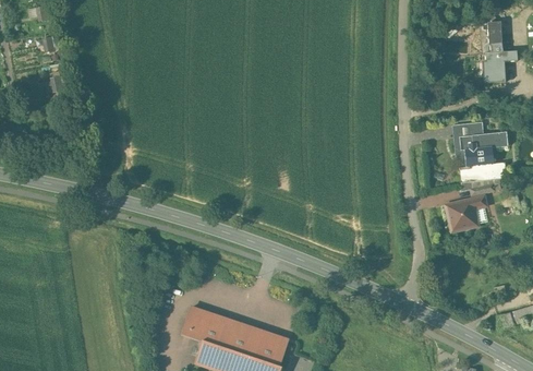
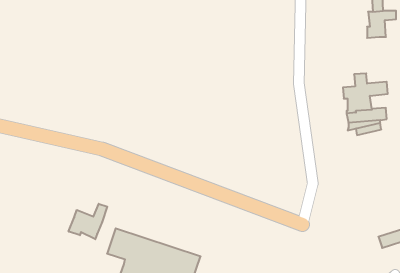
building: [445,195,486,231] -> none
building: none -> [69,204,107,239]

